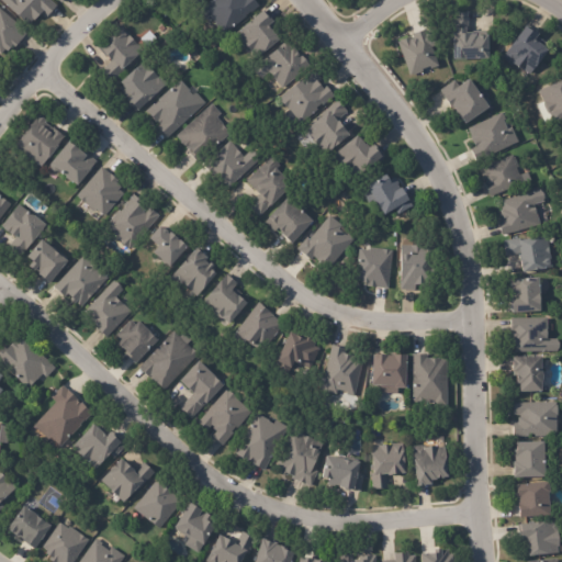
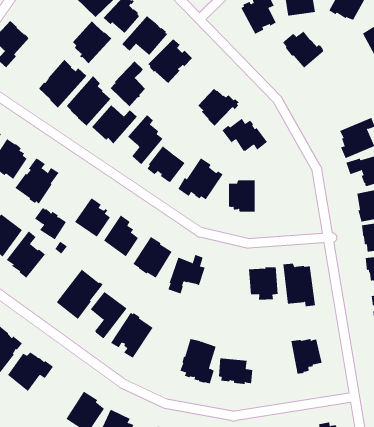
building: [121,59,169,111] -> [72,21,112,64]
building: [305,99,348,154] -> [110,61,146,107]
building: [469,111,519,160] -> none
building: [480,154,526,196] -> none
building: [147,226,186,267] -> [34,207,67,240]
building: [402,244,434,289] -> none
building: [114,321,156,364] -> none
building: [321,345,366,397] -> none
building: [234,414,289,471] -> none
building: [371,442,405,490] -> none
building: [100,458,156,502] -> none

